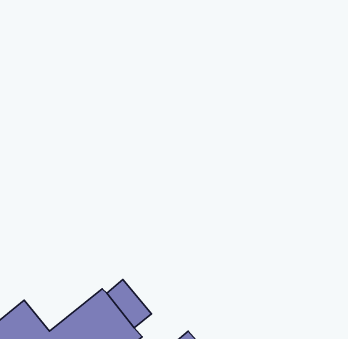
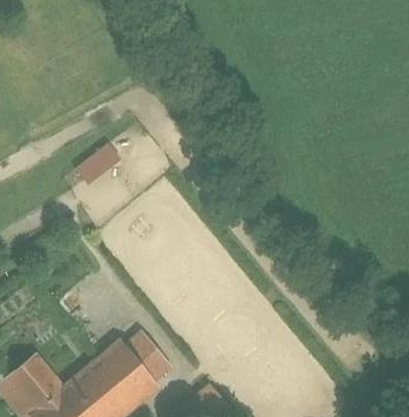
building: none -> [74,140,124,182]

